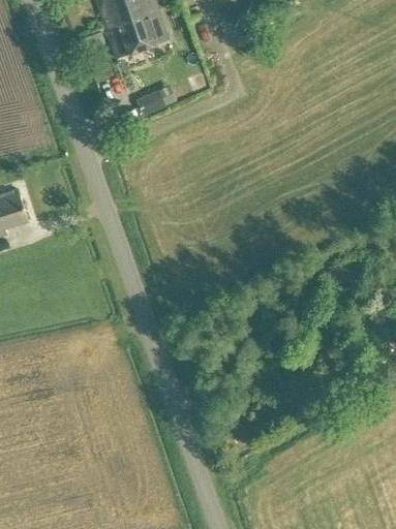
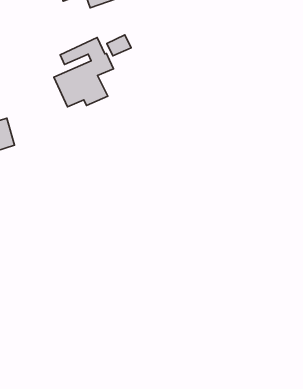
building: none -> [54,38,113,107]

